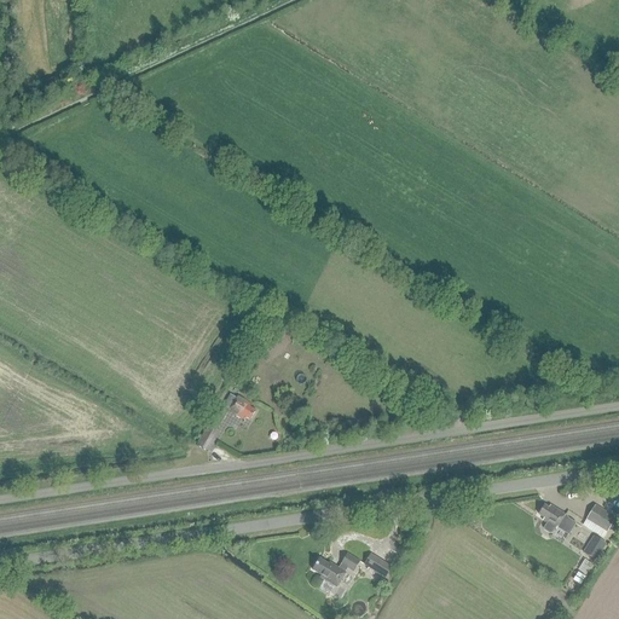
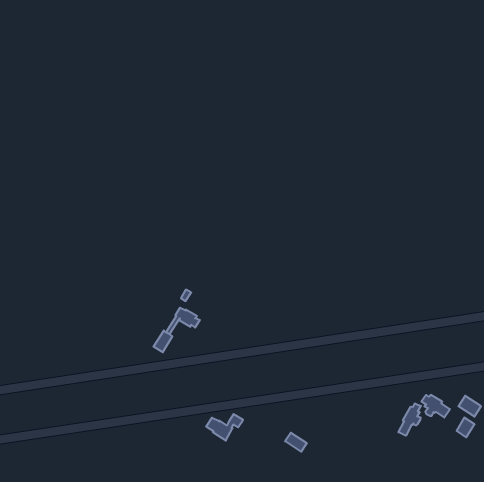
building: none -> [398,403,421,436]
building: [312,553,359,586] -> [206,414,243,441]

